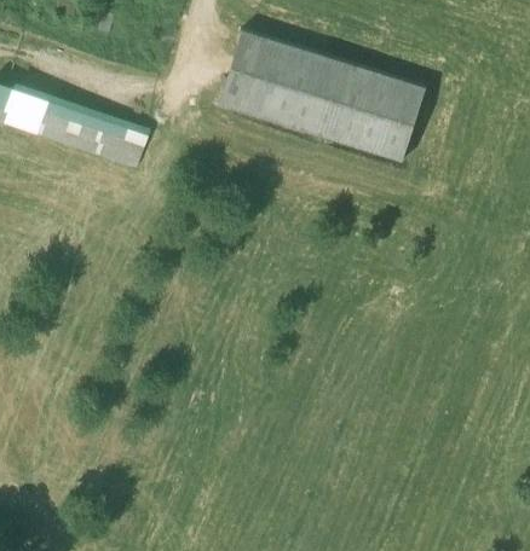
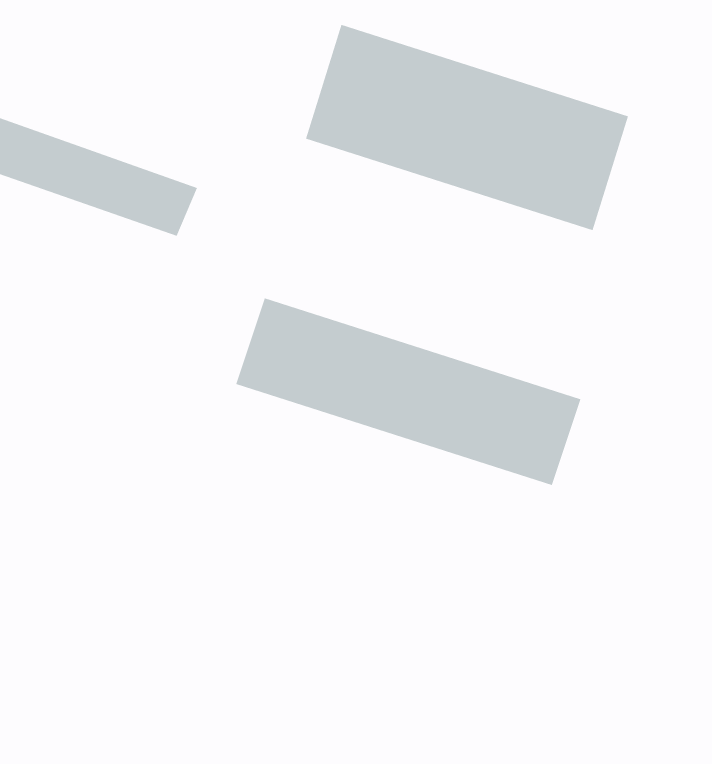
building: none -> [235,298,581,486]

